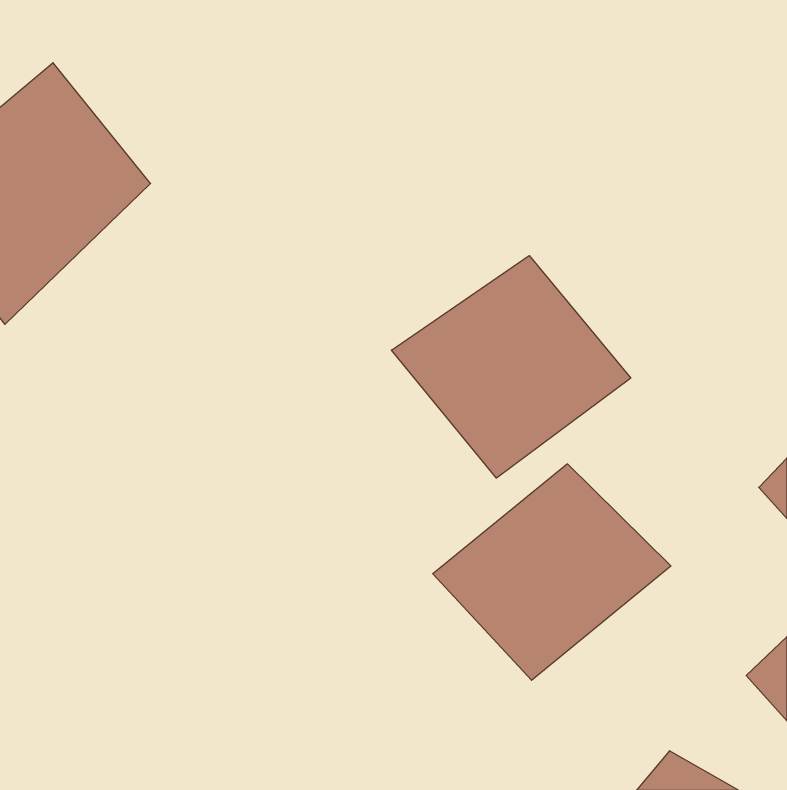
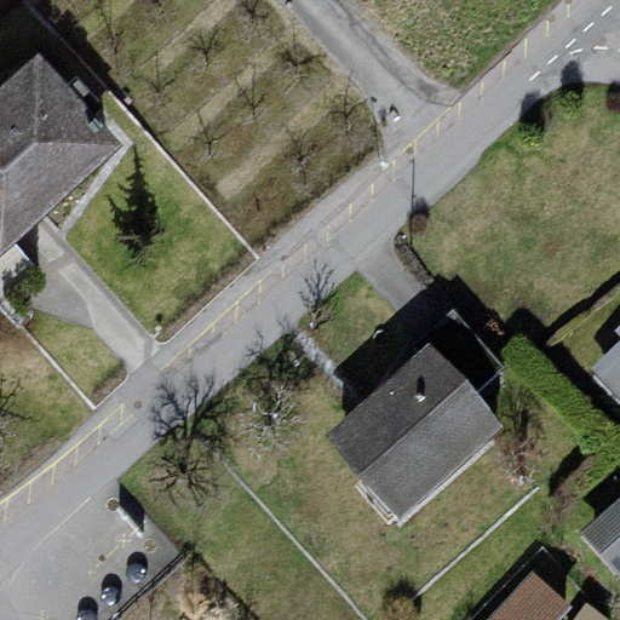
building: [391,256,631,478] -> none

